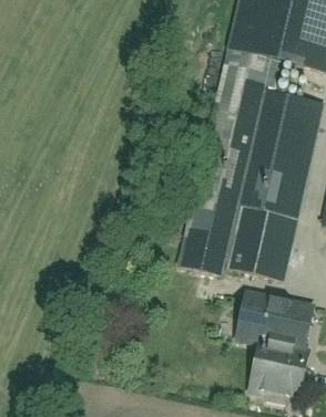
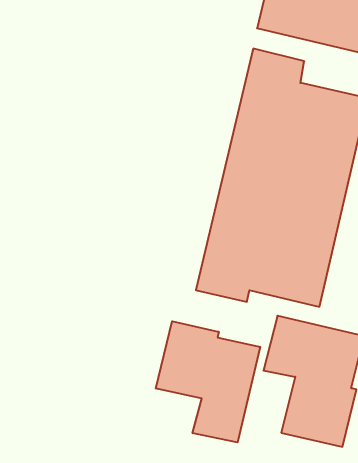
building: none -> [156,321,260,442]

